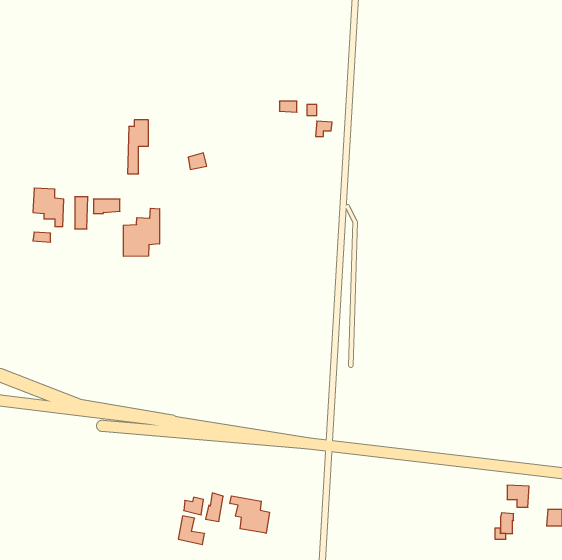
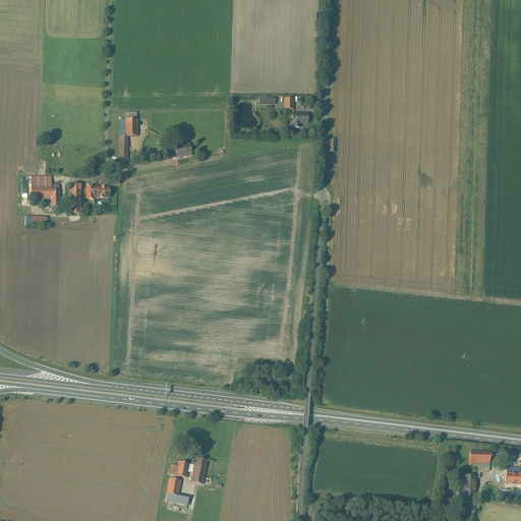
building: [123,208,160,256] -> none
building: [230,496,270,533] -> none

